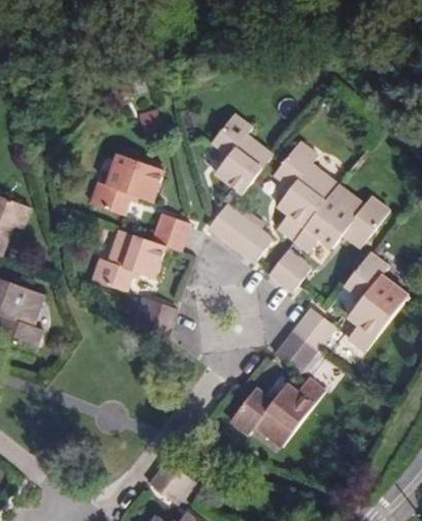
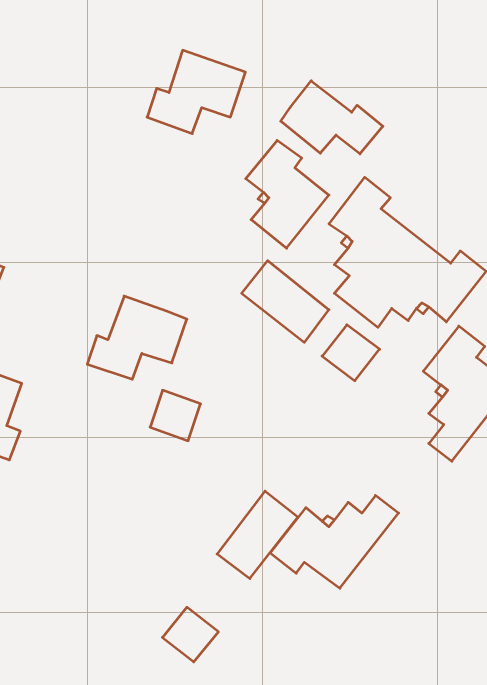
building: none -> [281,81,383,154]
building: [91,154,164,216] -> [147,50,245,134]
building: [152,213,191,251] -> none
building: [275,307,335,372] -> [217,491,298,579]

